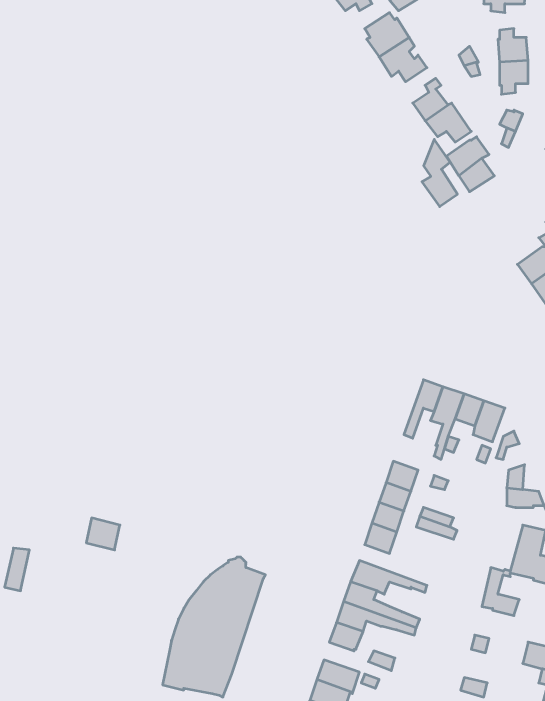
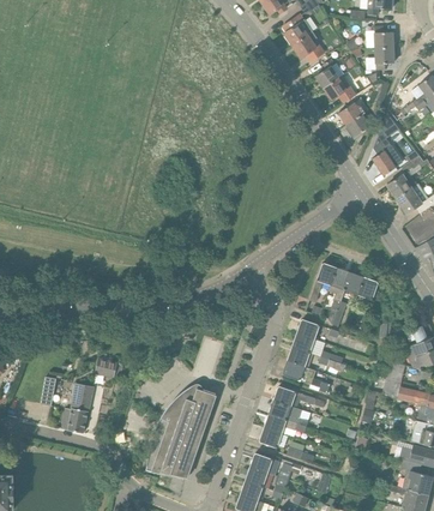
building: [422,139,457,207] -> [372,131,396,176]
building: none -> [62,384,95,433]

